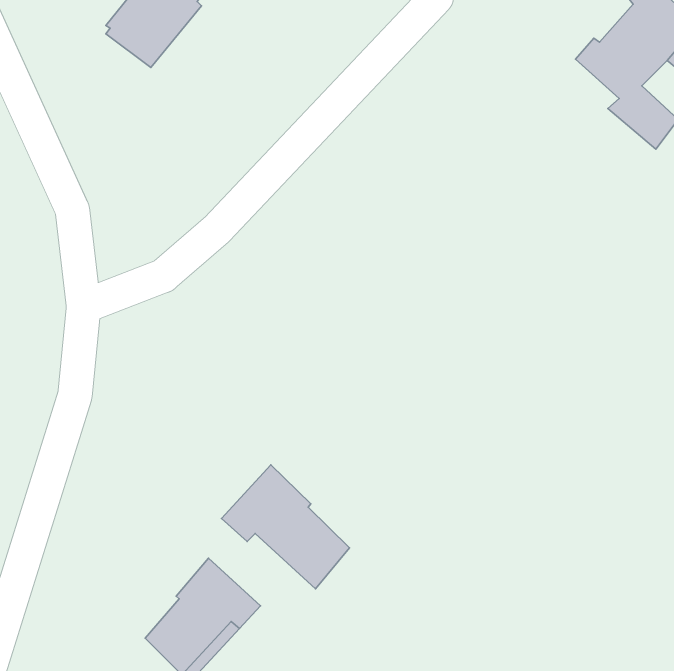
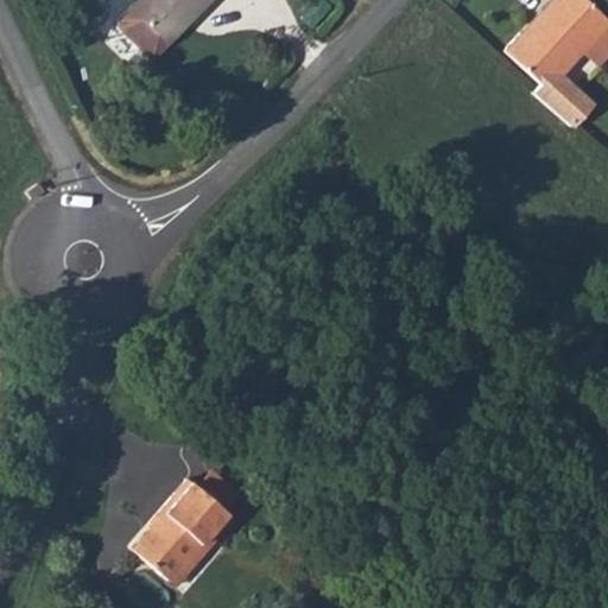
building: [222,465,350,589] -> none

